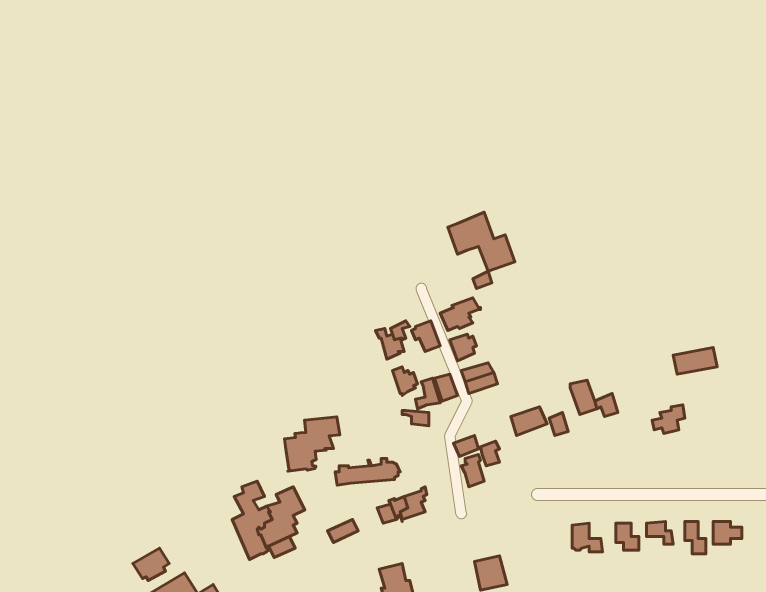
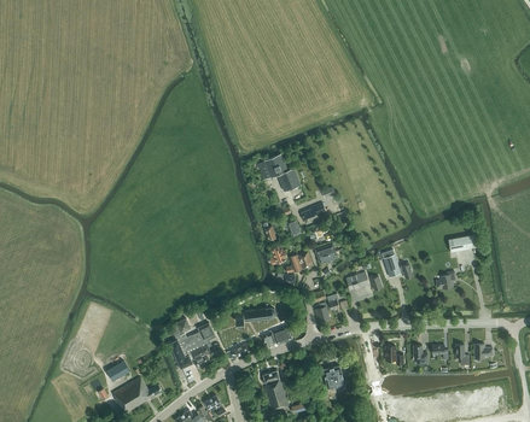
building: [448,212,515,271] -> [258,154,301,192]
building: [285,417,340,471] -> none

